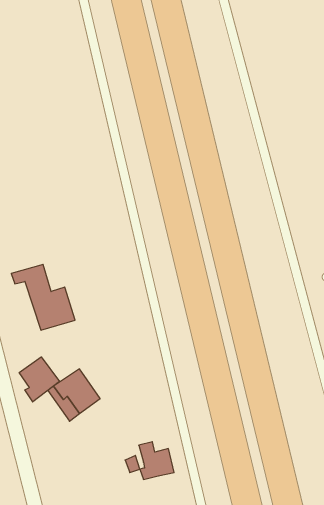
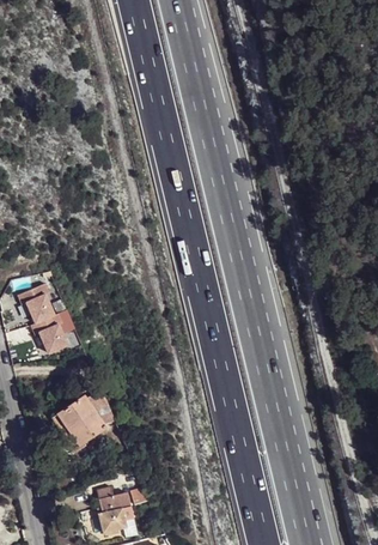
building: [19,357,59,402] -> none
building: [139,442,174,479] -> [97,484,134,523]

